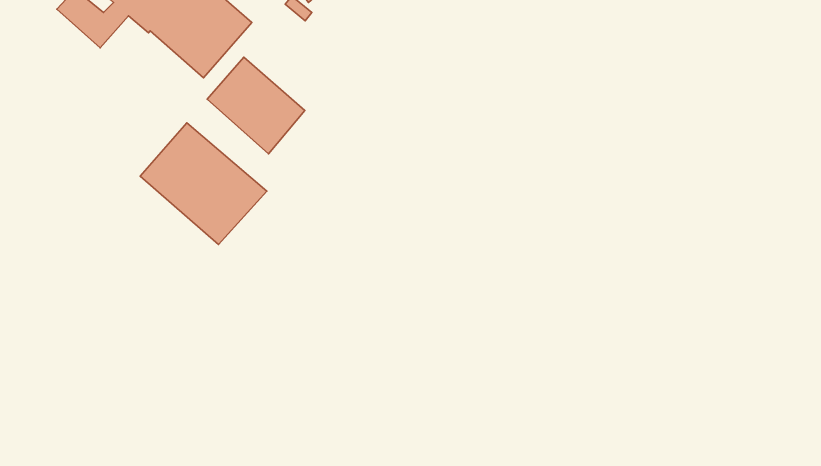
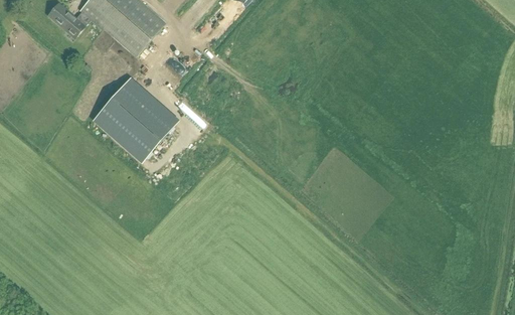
building: [207,57,305,154] -> none

